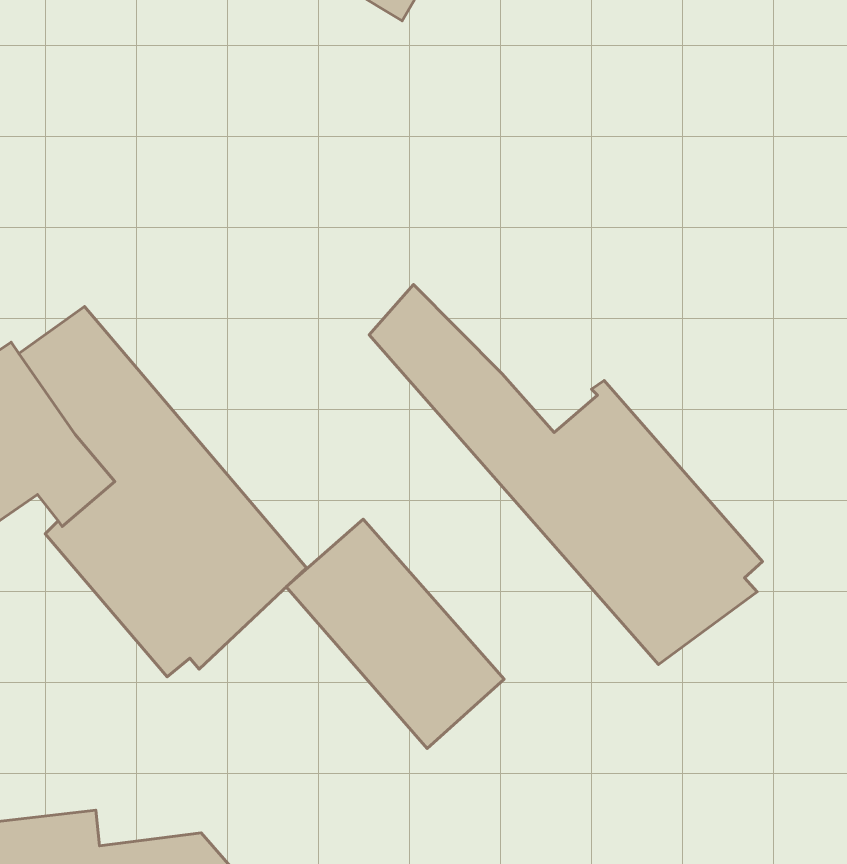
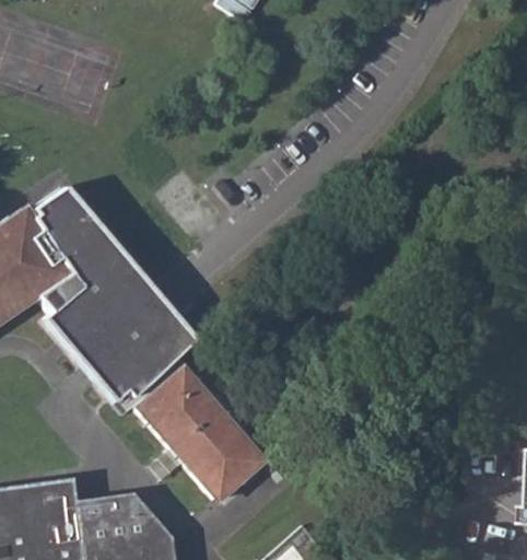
building: [369,284,763,665] -> none
building: [286,519,504,749] -> [137,368,263,501]

